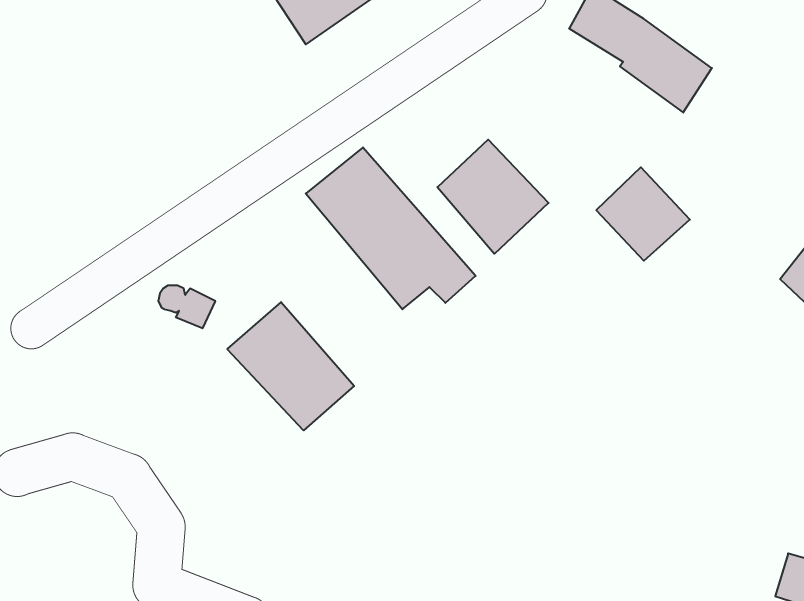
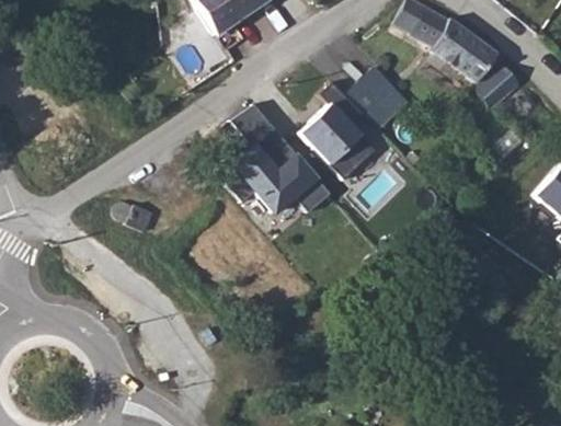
building: none -> [478,64,522,106]
building: [596,167,690,261] -> [348,68,413,133]
building: [227,302,354,430] -> none

